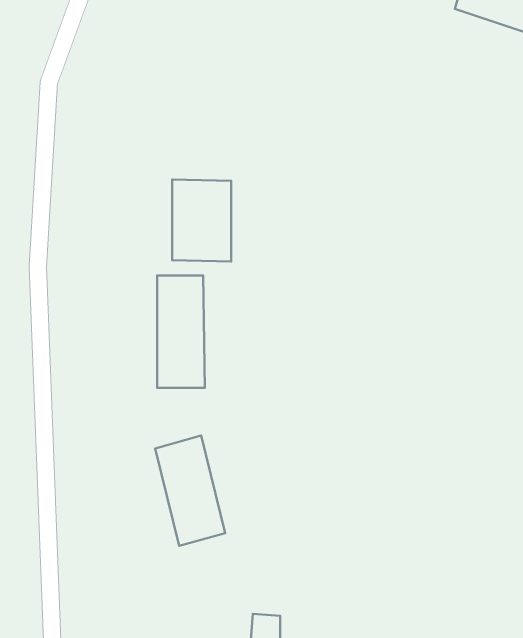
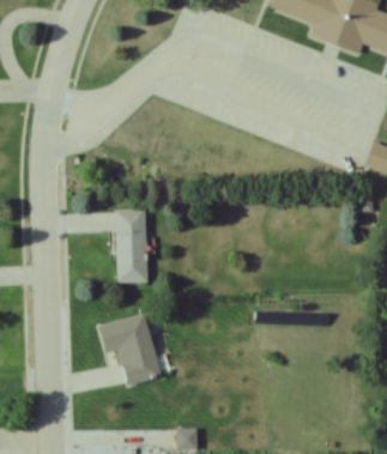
building: [172,179,231,262] -> none

